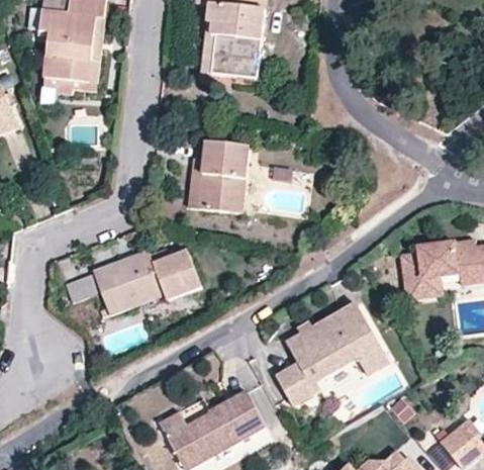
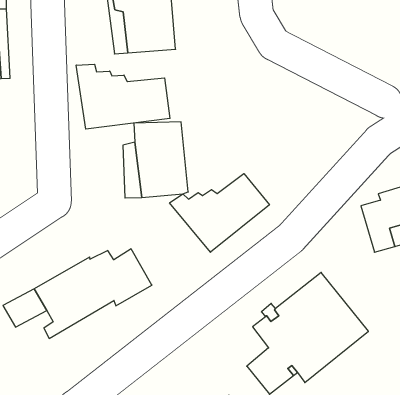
building: none -> [76,64,170,129]
building: none -> [170,174,269,252]

